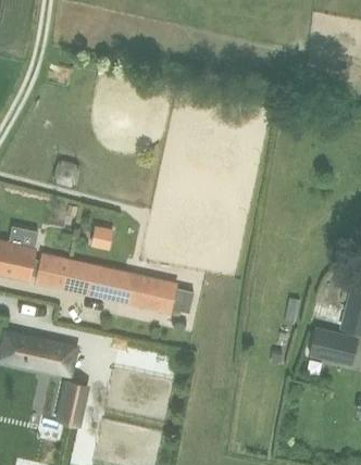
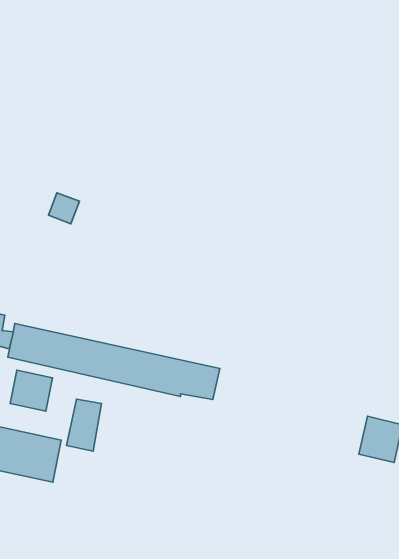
building: none -> [10,370,52,411]
building: [58,380,85,420] -> [67,399,102,451]

